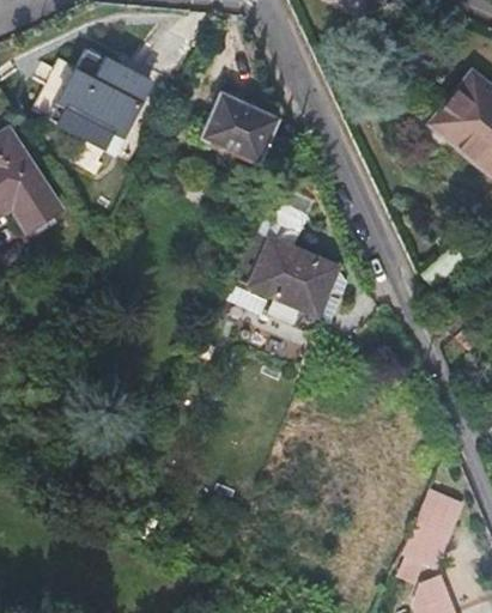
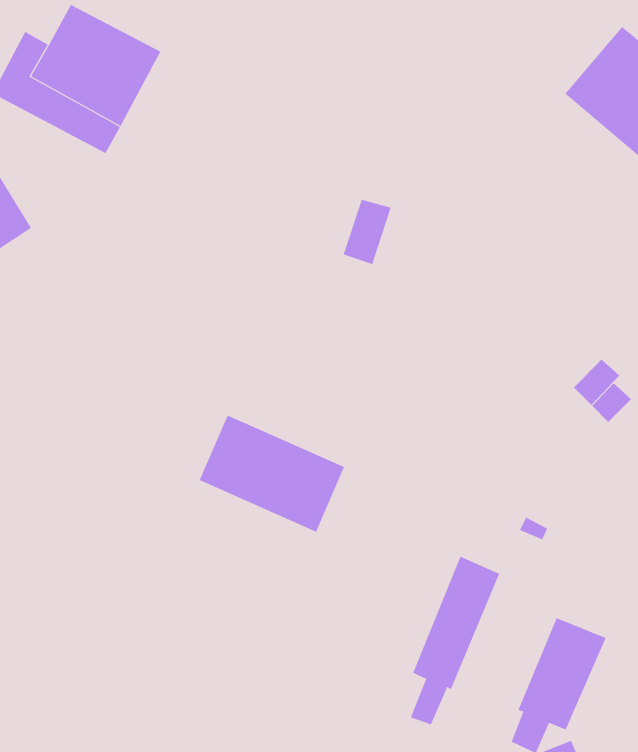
building: [201,92,279,164] -> none
building: [233,231,338,315] -> [199,415,345,532]
building: none -> [410,556,500,725]

